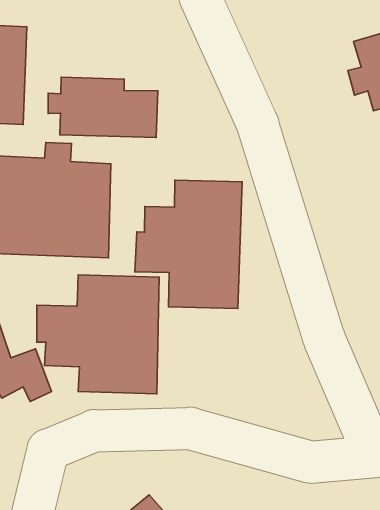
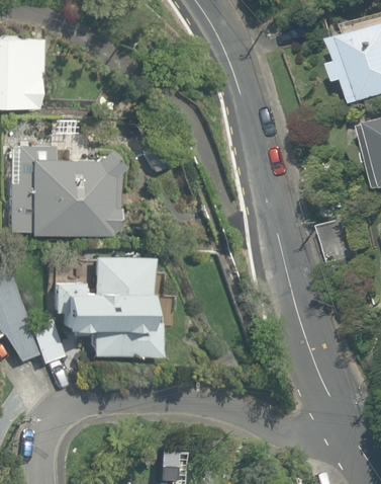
building: [48,77,158,138] -> none
building: [135,180,242,308] -> none

